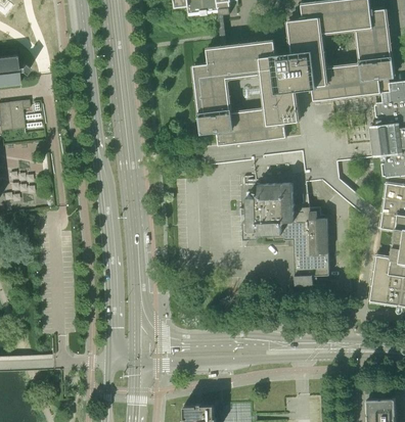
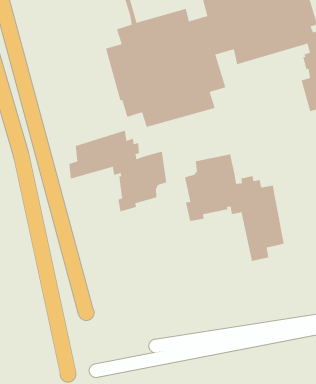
building: none -> [69,130,167,212]

